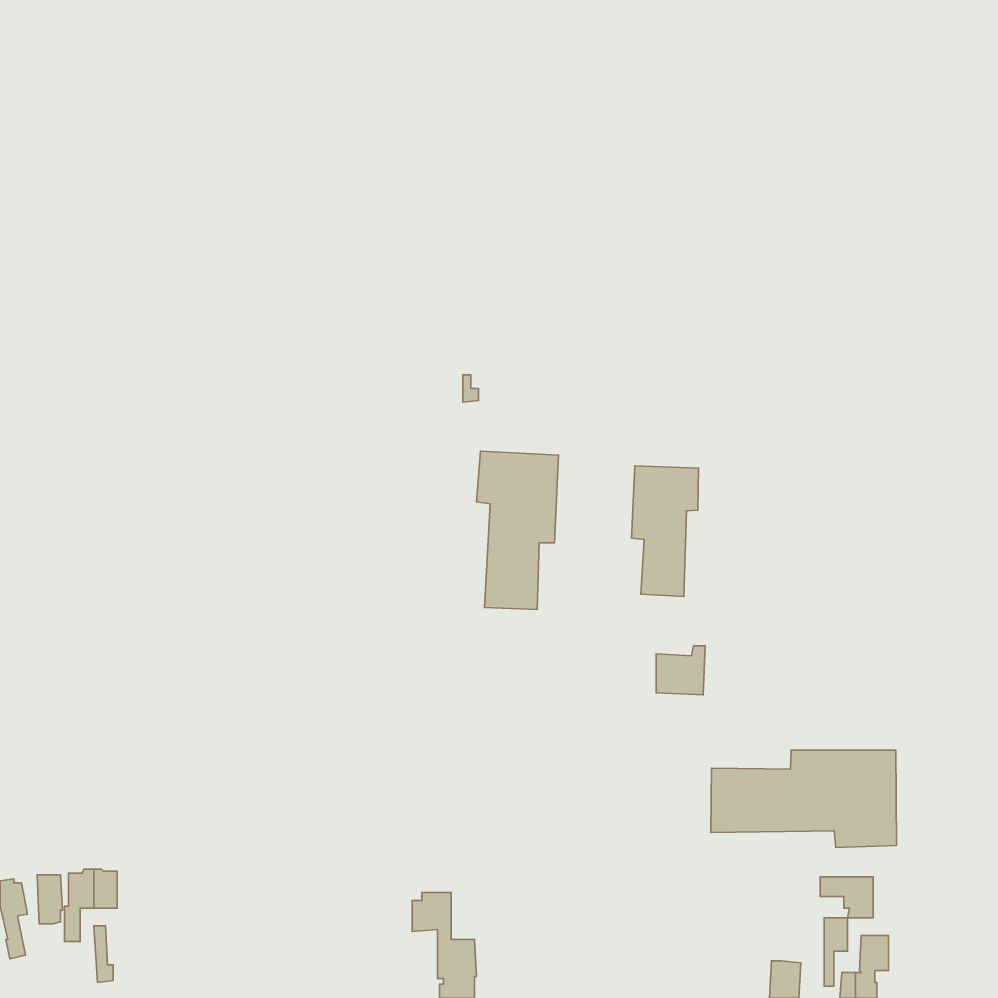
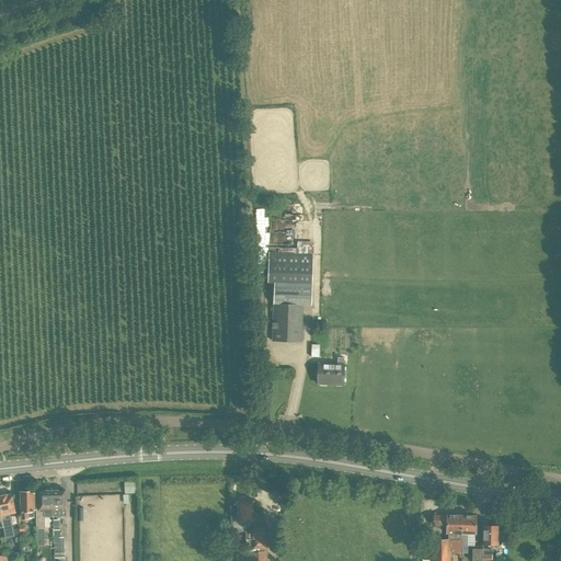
building: [632,466,698,596] -> none
building: [656,646,705,695] -> [318,357,345,385]
building: [711,750,896,848] -> none
building: [820,877,873,918] -> [433,515,462,538]

